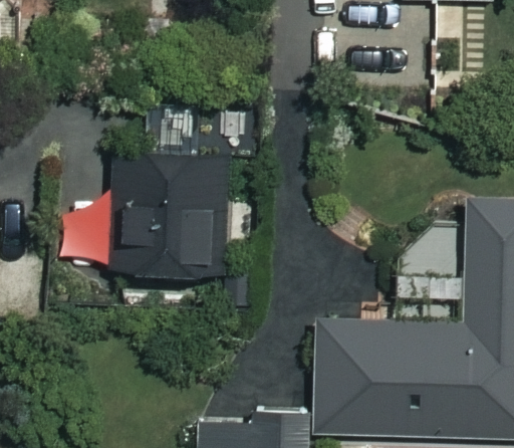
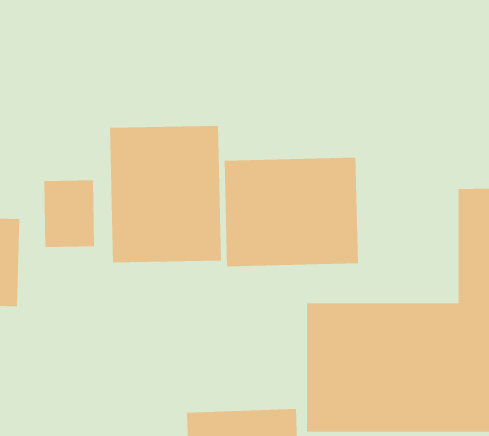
building: none -> [224,157,358,267]

